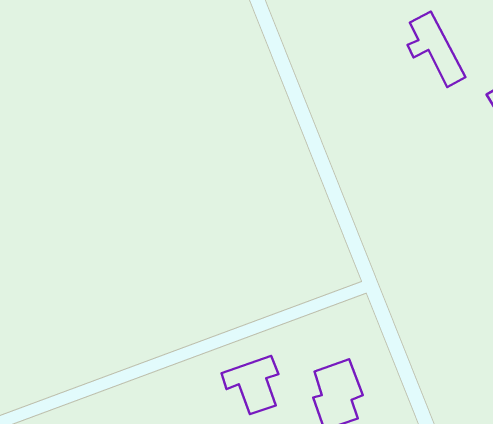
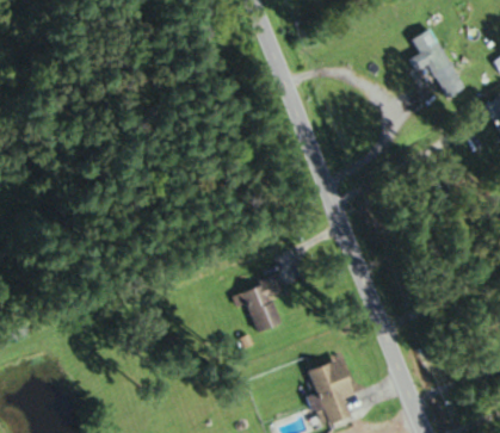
building: [221,356,278,414] -> [232,277,286,333]

